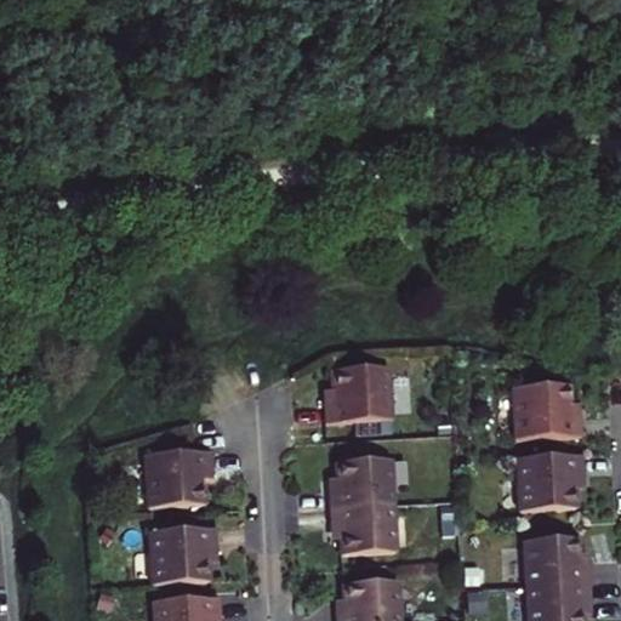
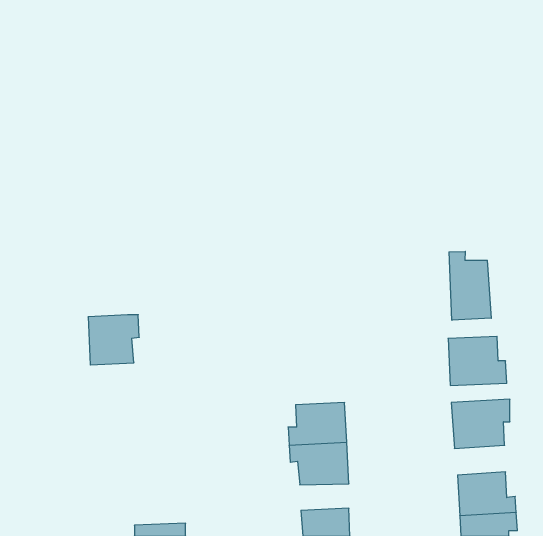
building: none -> [449,251,491,320]
building: [325,365,392,420] -> none
building: [148,449,206,506] -> [88,315,139,365]
building: [153,528,211,583] -> none

